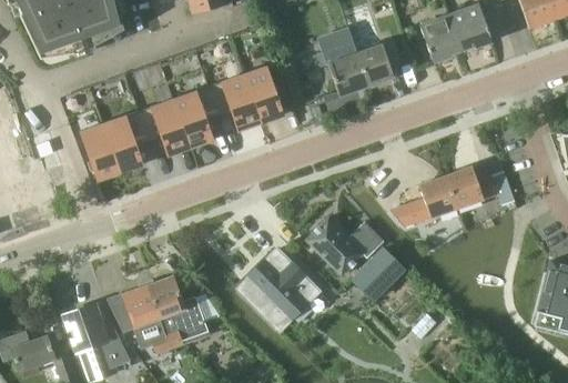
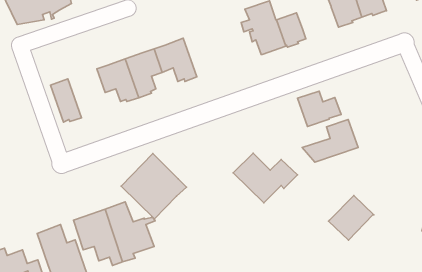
building: [244,68,282,122] -> none
building: [103,112,149,172] -> none
building: [446,165,499,209] -> [298,91,341,126]
building: [351,246,406,301] -> [328,196,374,240]
building: [239,249,318,329] -> [121,154,186,219]

